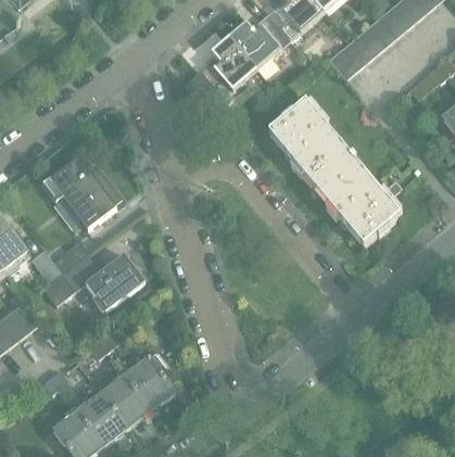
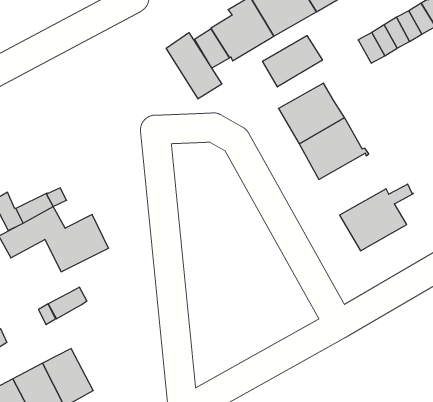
building: none -> [263,36,322,87]
building: none -> [166,33,222,99]
building: [45,156,121,227] -> none
building: [317,156,378,215] -> none
building: [125,351,176,408] -> none

